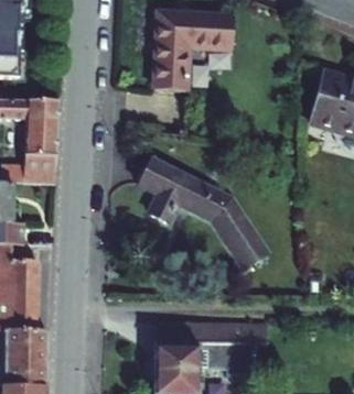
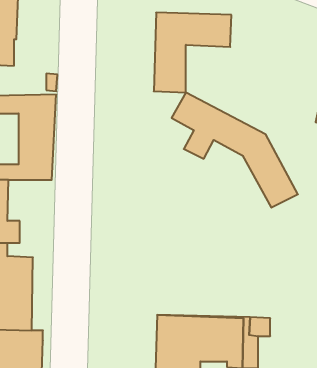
building: [137,155,262,270] -> [172,92,298,208]

